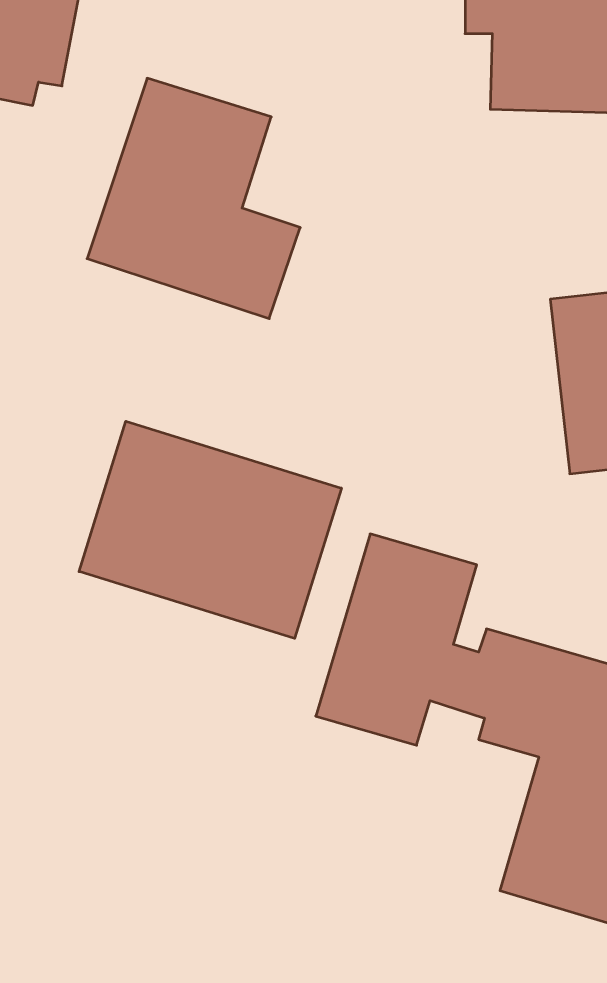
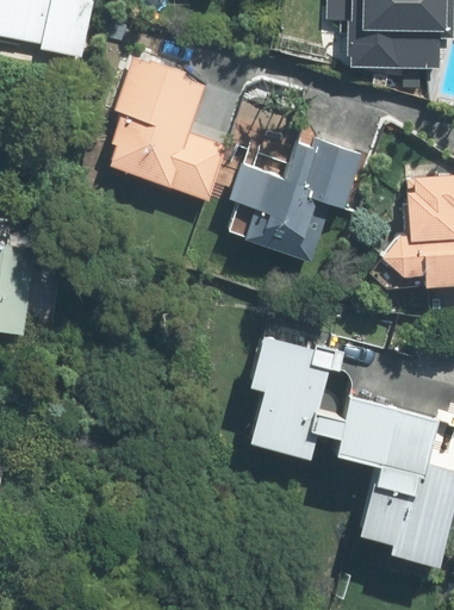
building: none -> [225,104,367,261]
building: [79,421,341,638] -> none

